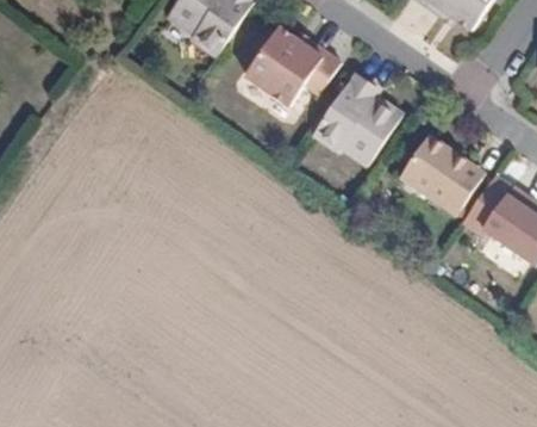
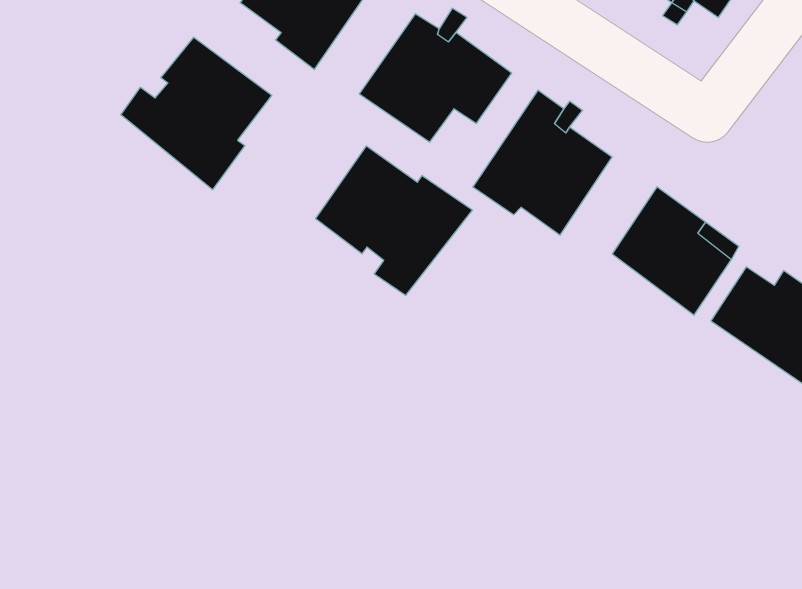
building: none -> [121,37,272,190]
building: none -> [316,146,472,295]

